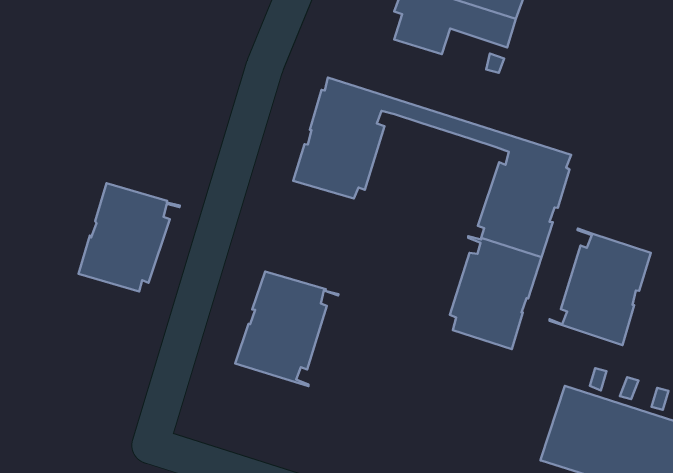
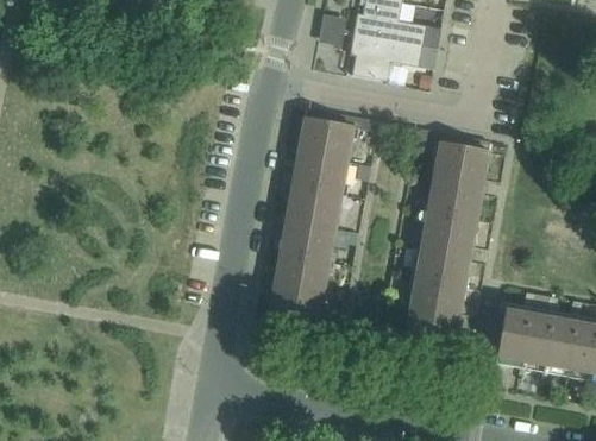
building: [78,183,180,291] -> [280,184,346,259]
building: [549,228,651,345] -> [397,275,464,354]

